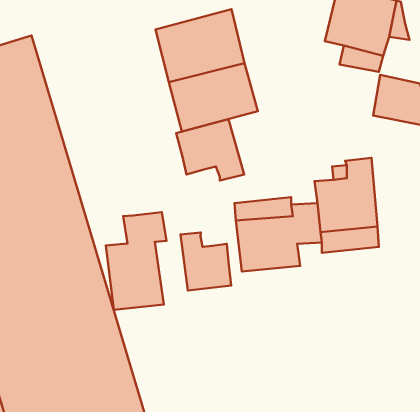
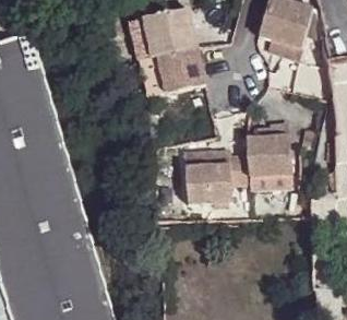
building: [176,119,244,181] -> none
building: [106,212,166,310] -> none
building: [181,233,231,290] -> none

